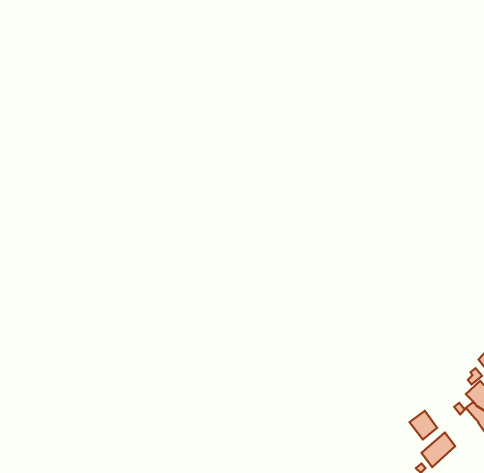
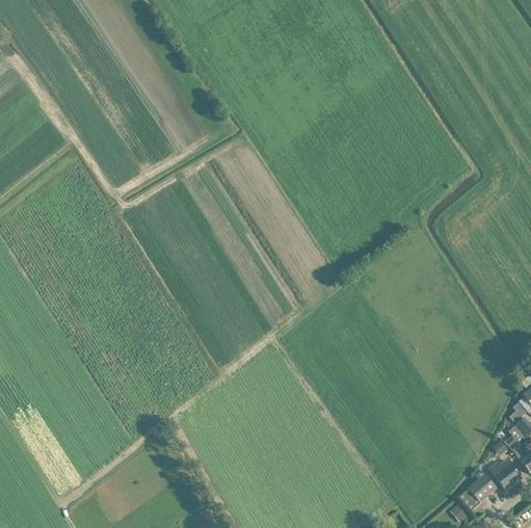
building: [409,411,437,440] -> [490,459,521,491]

